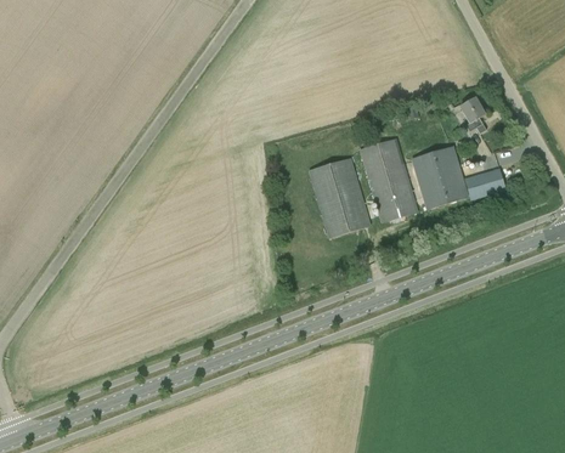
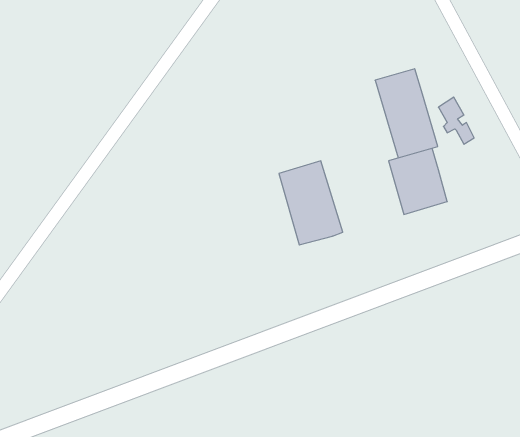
building: [358,137,418,222] -> [375,69,438,158]
building: [465,168,505,199] -> none

